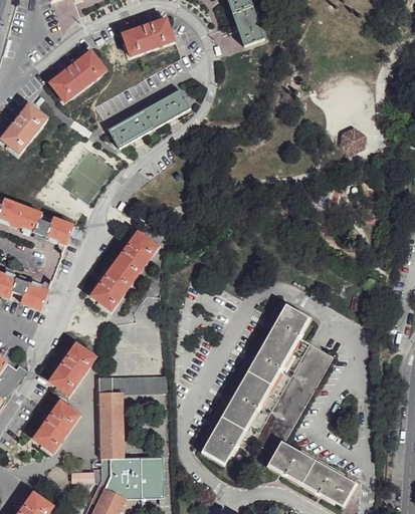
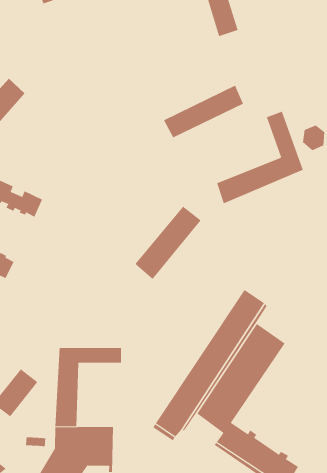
building: [122,18,174,55] -> none
building: [50,49,107,100] -> none
building: [108,88,190,148] -> [163,85,244,138]
building: none -> [216,111,304,204]
building: [92,232,159,310] -> [135,206,201,280]
building: [50,342,96,395] -> none

